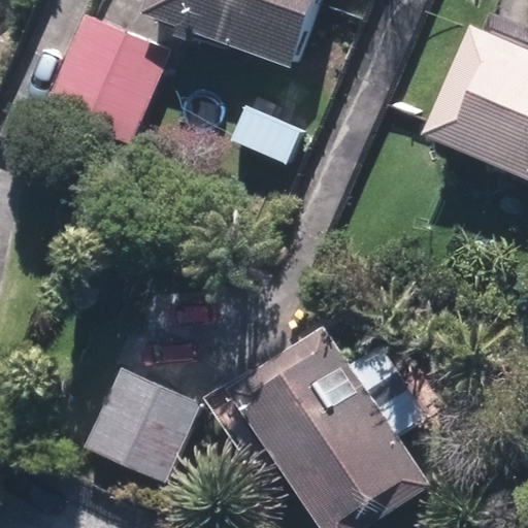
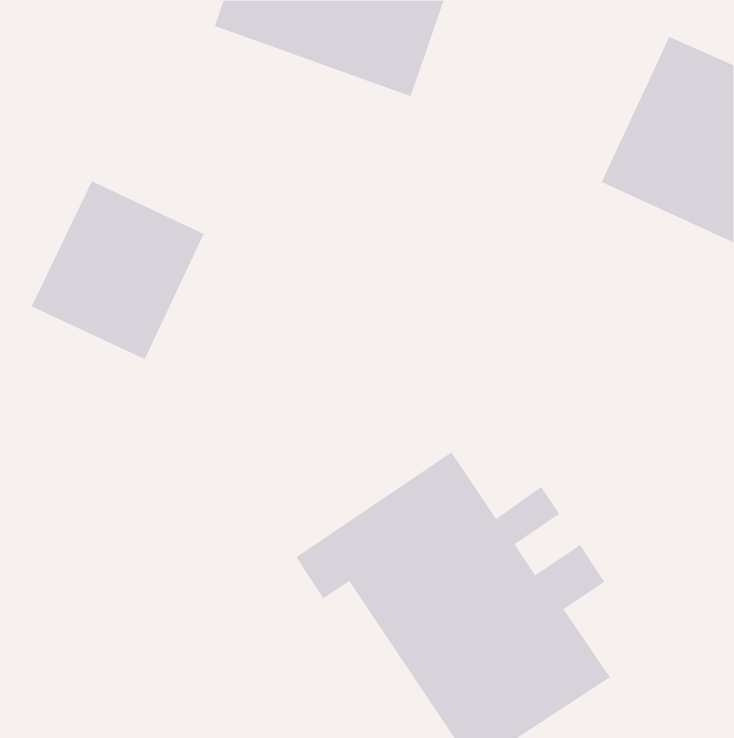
building: [43,13,167,141] -> [31,180,204,360]
building: [82,366,199,482] -> none

